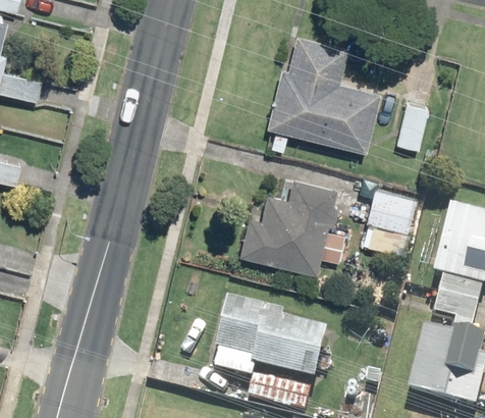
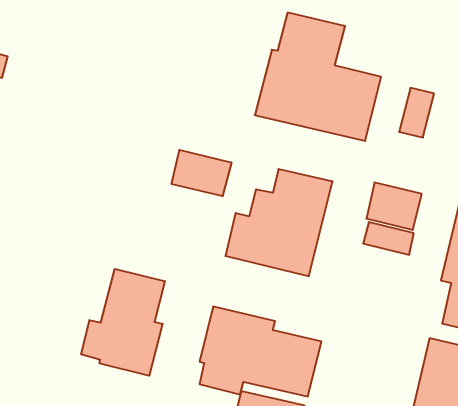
building: none -> [172,150,231,196]
building: none -> [81,269,165,376]

